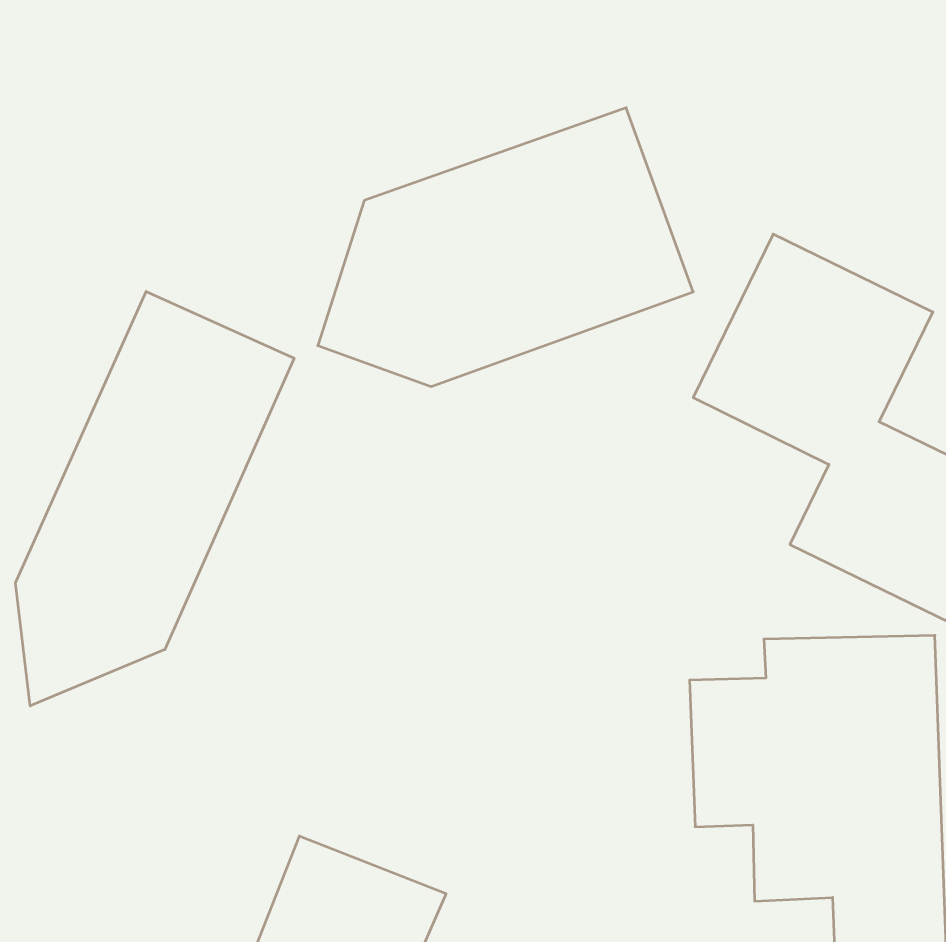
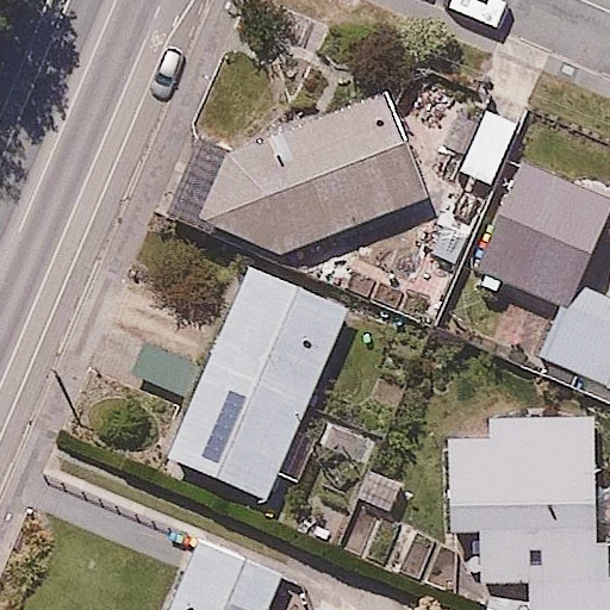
building: [15,291,294,706] -> none
building: none -> [166,262,362,506]

